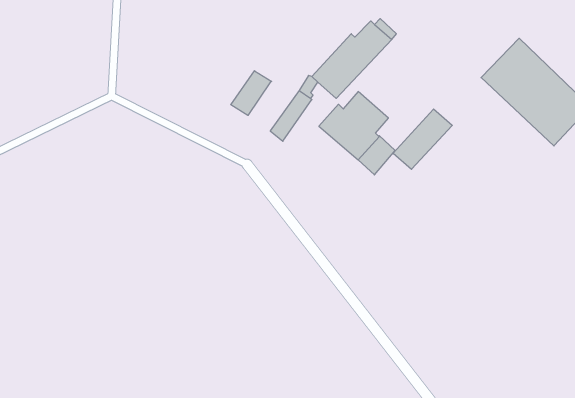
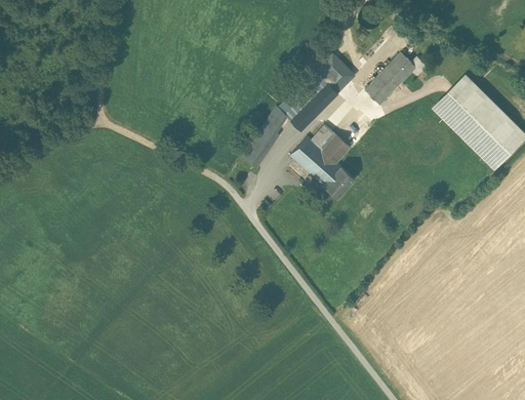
building: [231,71,272,115] -> none
building: [393,109,452,169] -> [363,52,415,106]

